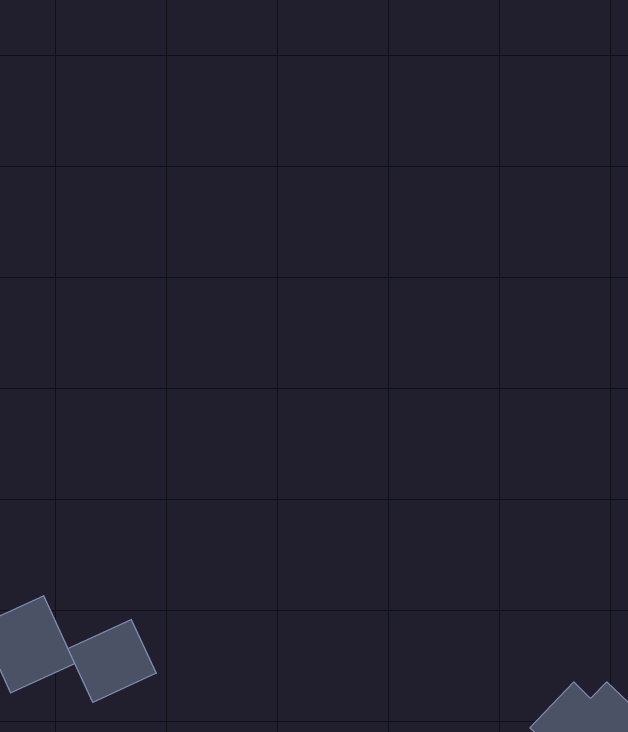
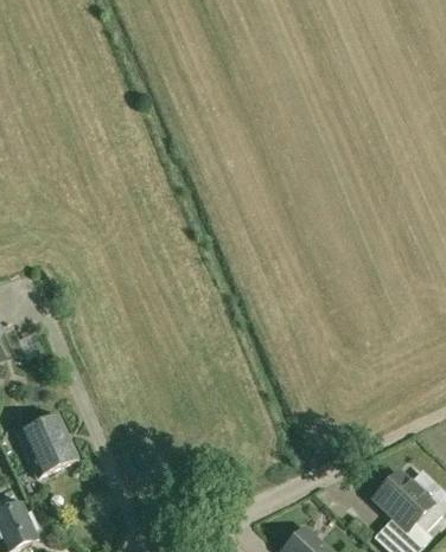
building: [68,619,156,702] -> none

